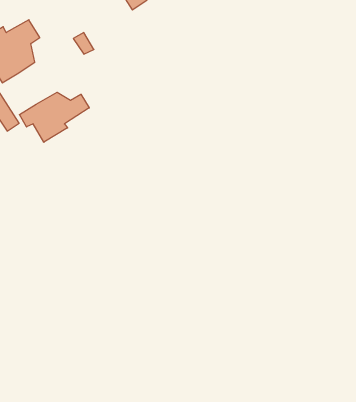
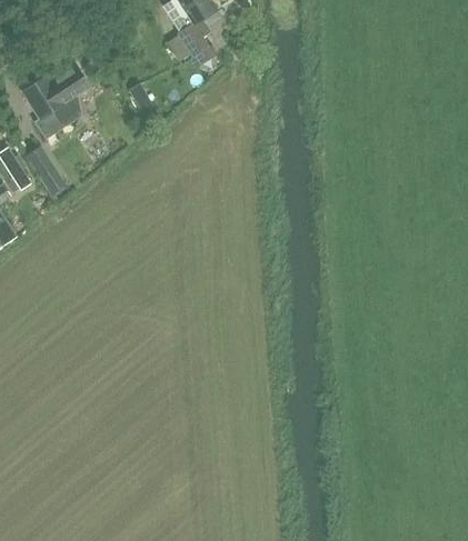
building: [19,92,89,142] -> none

